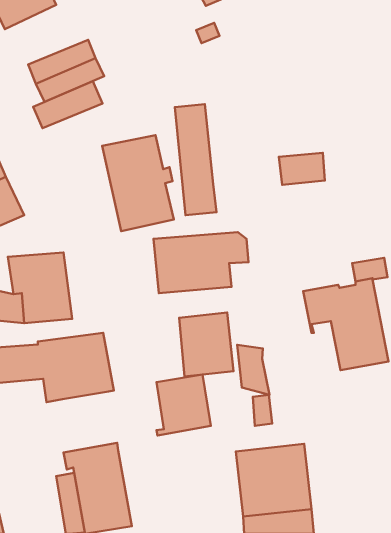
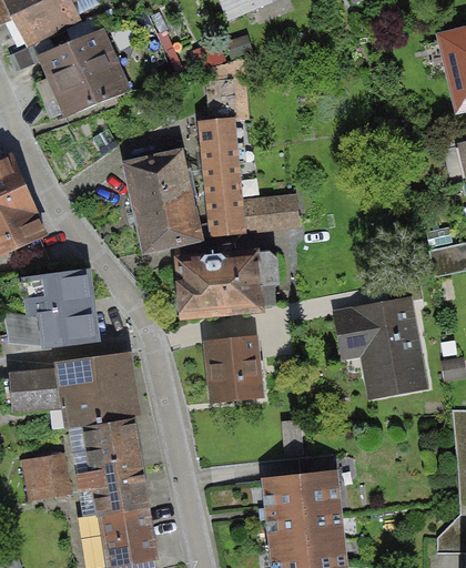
building: [33,81,103,128] -> [39,30,111,79]
building: [279,153,325,185] -> [241,199,288,232]
building: [237,345,269,395] -> none
building: [156,375,211,436] -> [84,418,141,481]
building: none -> [24,450,70,497]

